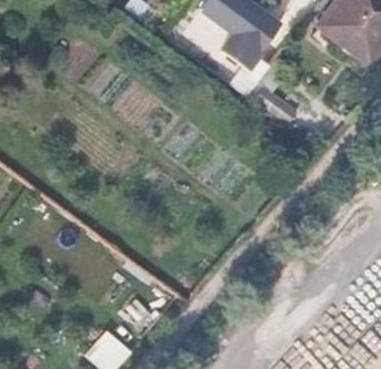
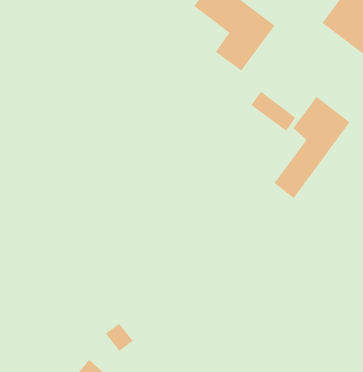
building: none -> [273,96,350,199]

